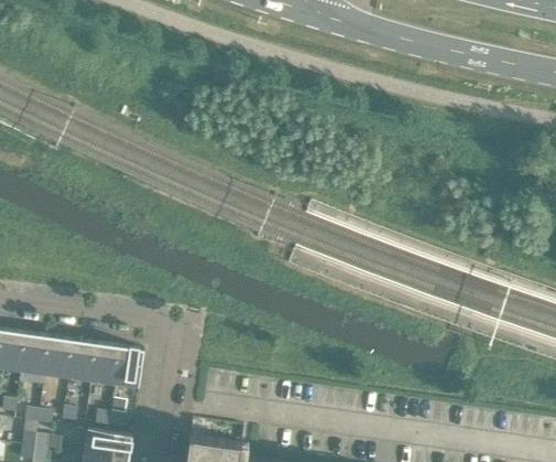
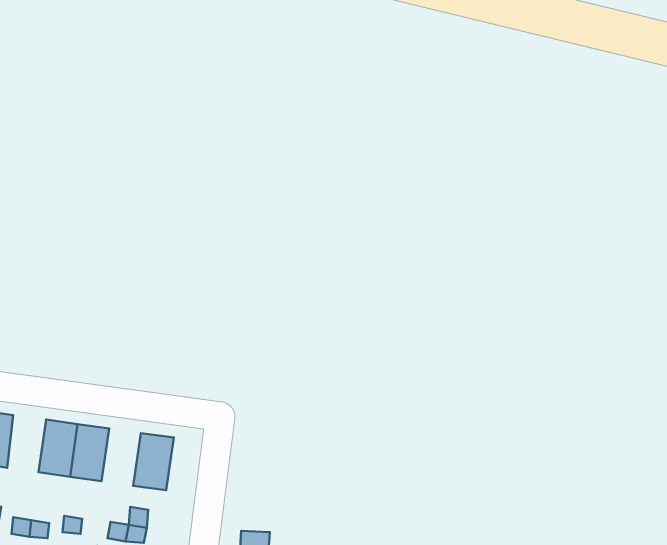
building: [21,336,50,378] -> none
building: [90,346,119,388] -> none

